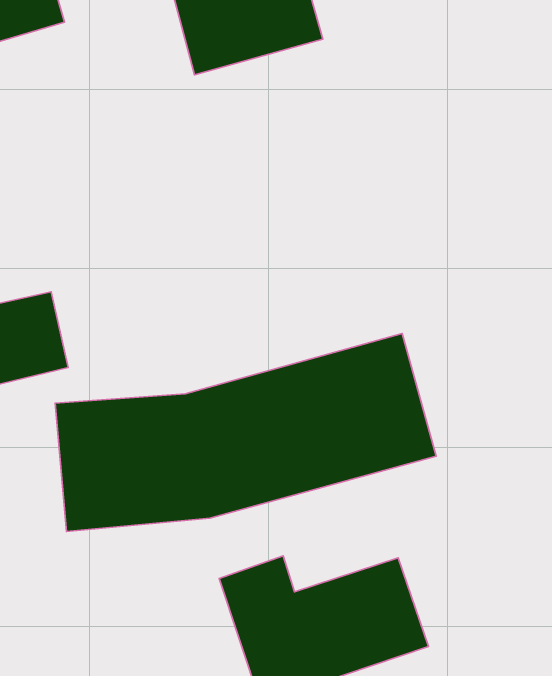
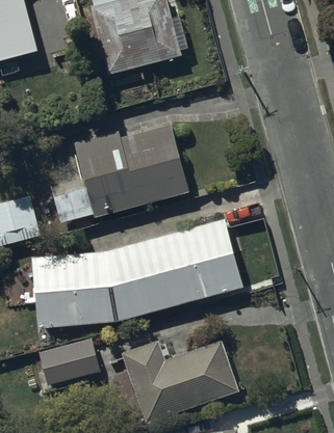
building: none -> [51,124,188,223]
building: none -> [40,342,99,385]

